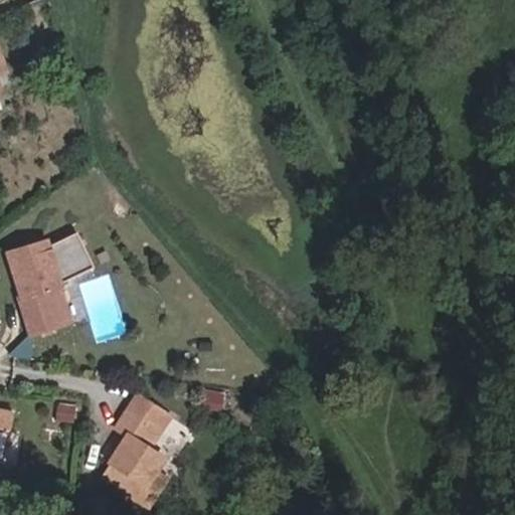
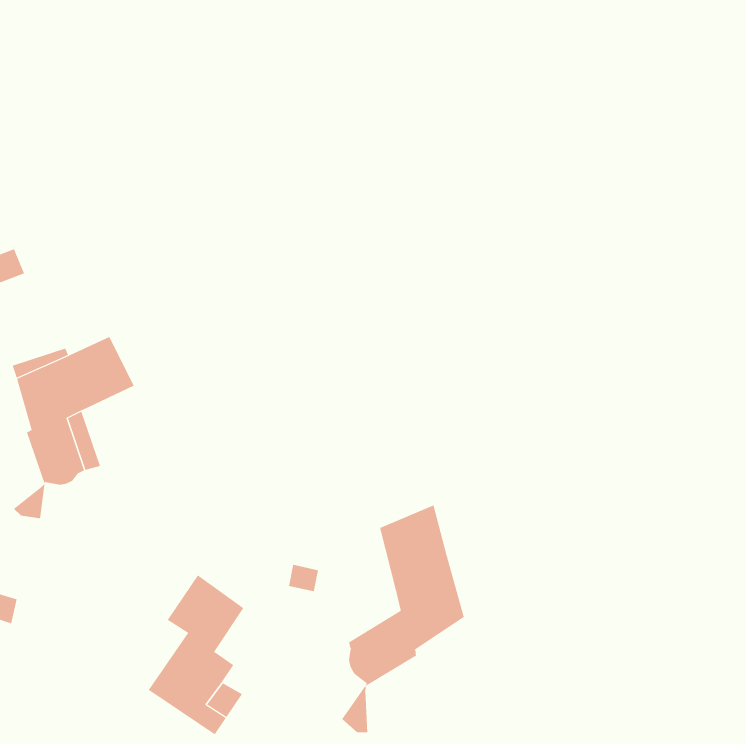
building: none -> [341,505,464,733]

